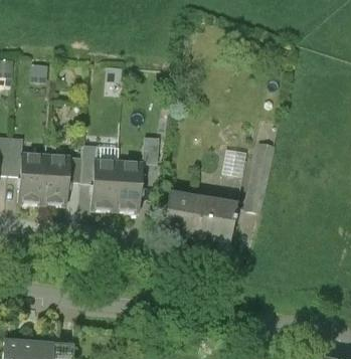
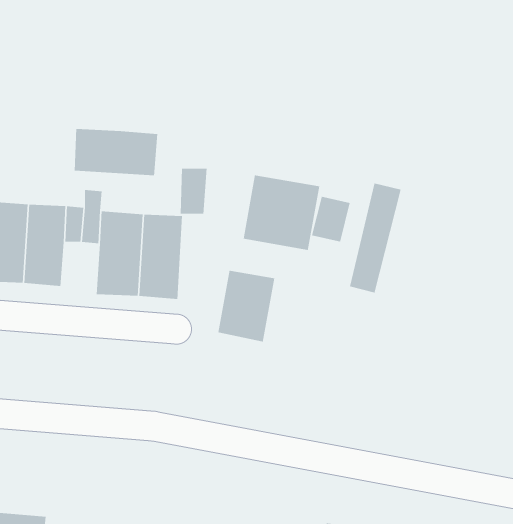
building: none -> [74,128,158,176]
building: [190,198,237,244] -> [243,175,320,250]

